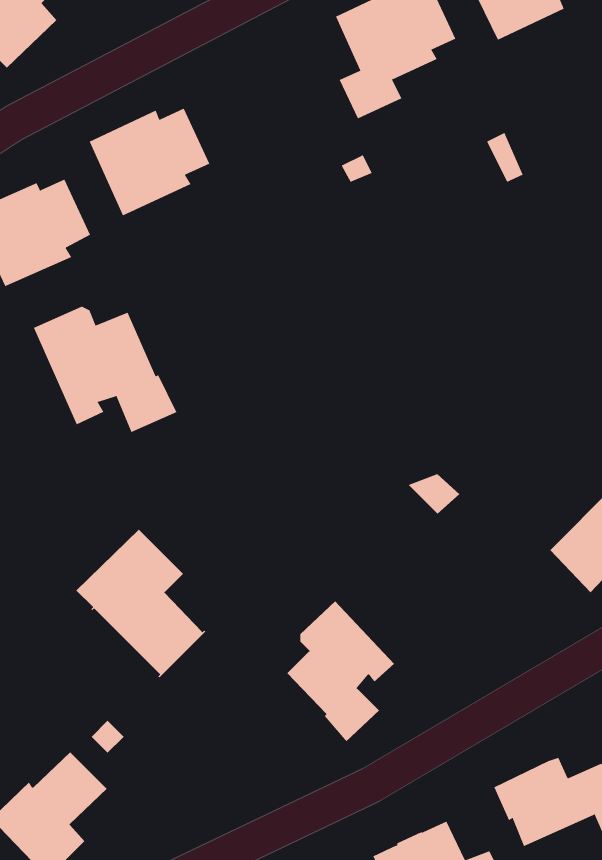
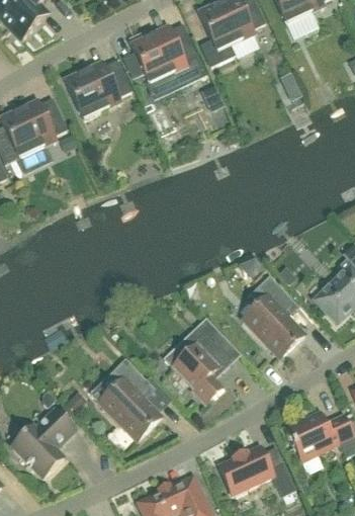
building: none -> [125,24,205,86]
building: [33,306,177,433] -> none
building: none -> [242,276,304,357]
building: [76,529,206,678] -> [90,359,161,440]

